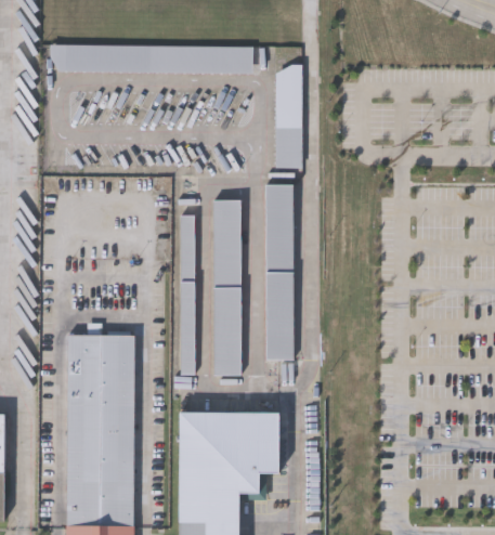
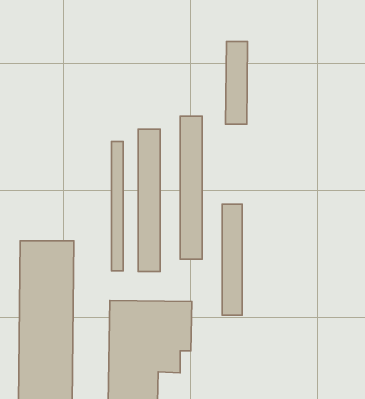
building: [52,47,253,75] -> none
building: [275,64,302,166] -> [226,41,248,124]
building: none -> [222,204,242,315]

